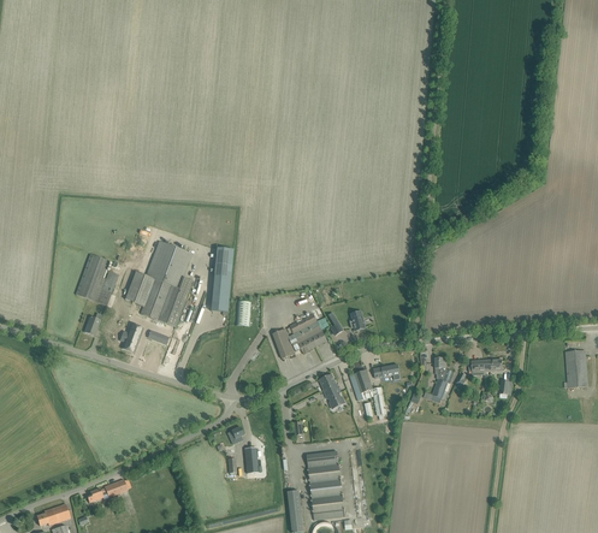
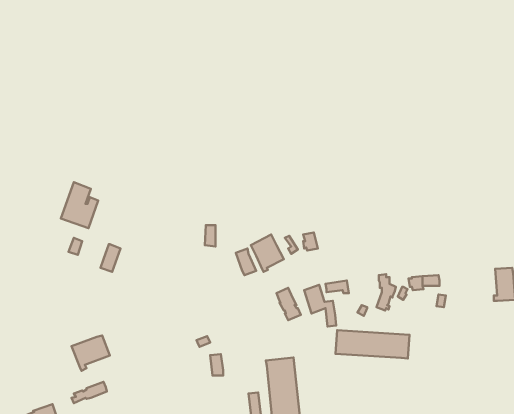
building: [125,239,194,326] -> none
building: [211,245,233,310] -> none
building: none -> [335,330,410,359]
building: none -> [71,336,110,371]

